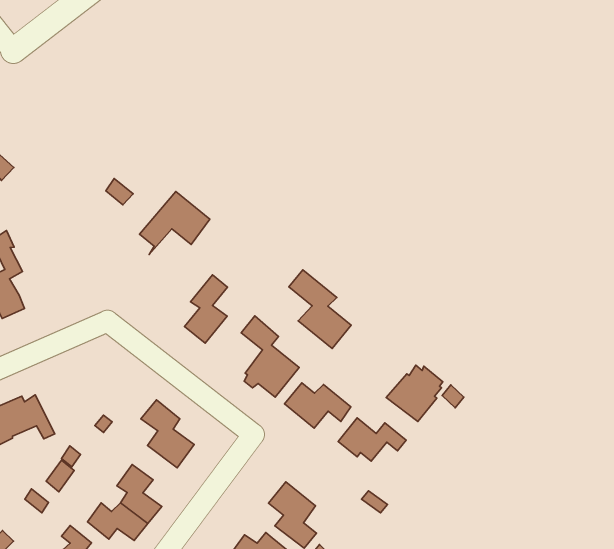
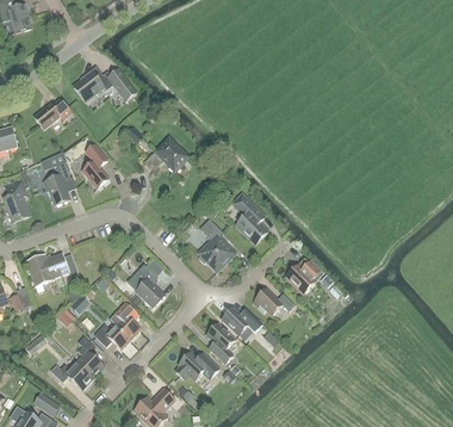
building: none -> [73,66,137,101]
building: none -> [82,143,108,188]
building: [185,275,228,343] -> none
building: [285,383,351,428] -> [222,307,262,335]

